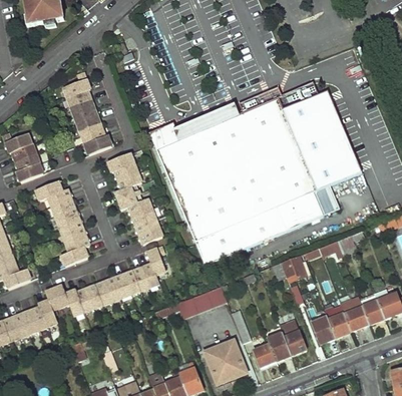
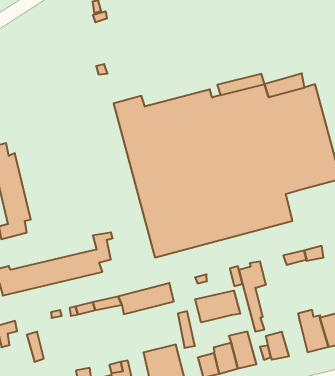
building: [63,72,112,155] -> none
building: [108,153,162,245] -> none
building: [314,185,340,216] -> none
building: none -> [195,291,240,322]
building: [328,306,352,337] -> none

